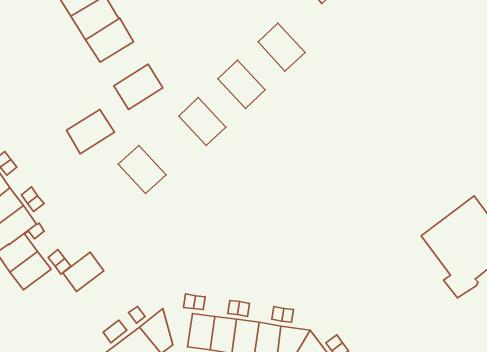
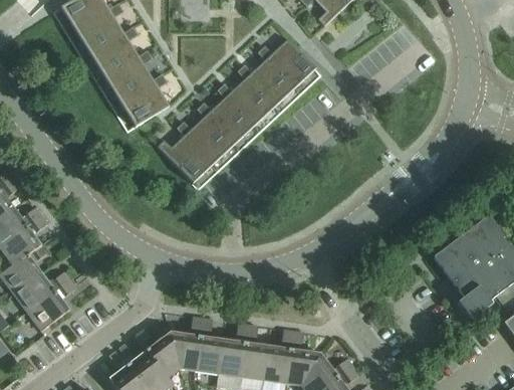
building: none -> [246,58,294,108]
building: none -> [206,96,254,146]
building: [67,110,115,154] -> [105,58,155,104]
building: [118,146,166,194] -> [165,135,214,184]
building: [63,252,104,291] -> [27,291,69,332]
building: none -> [170,332,200,371]

